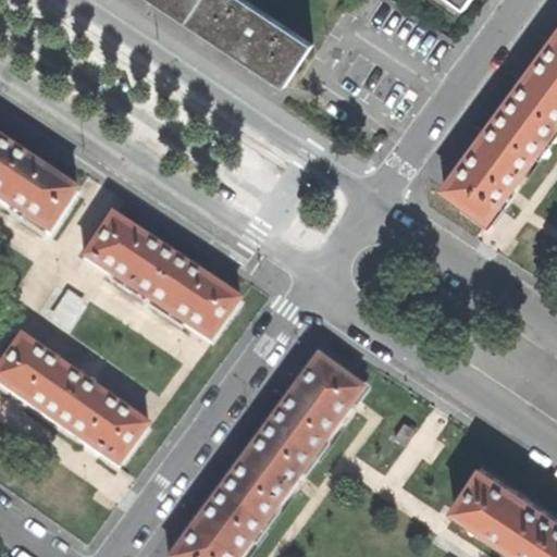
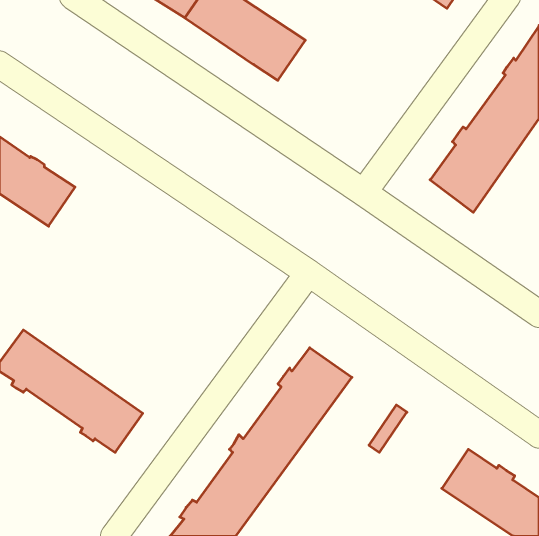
building: [86,216,238,339] -> none

